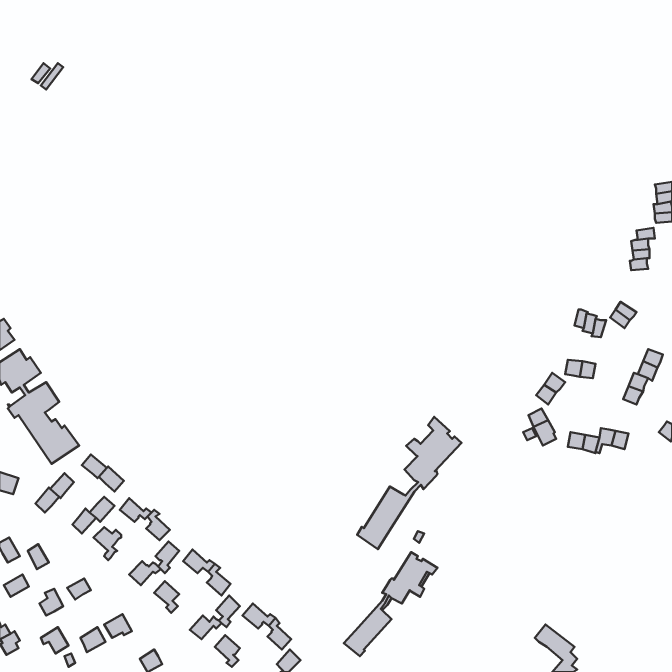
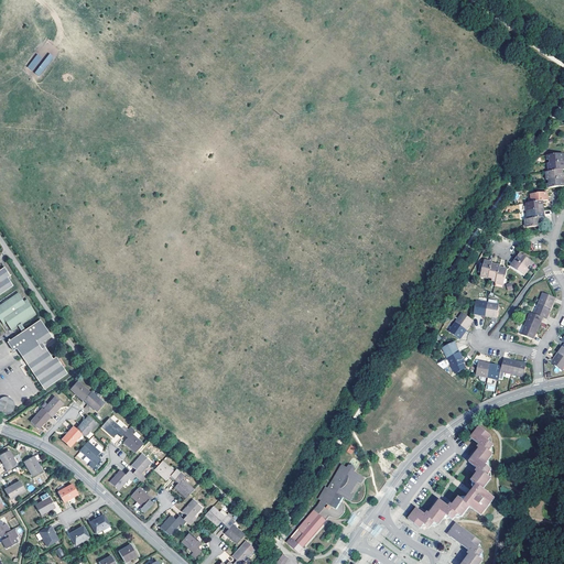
building: [357,417,461,549] -> none
building: none -> [408,426,494,528]

